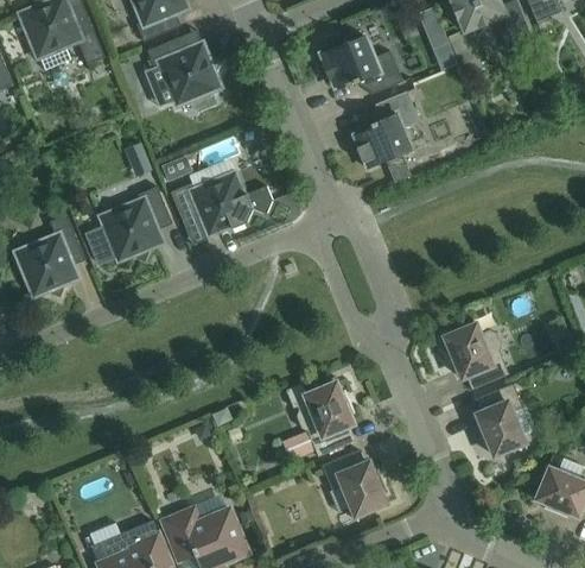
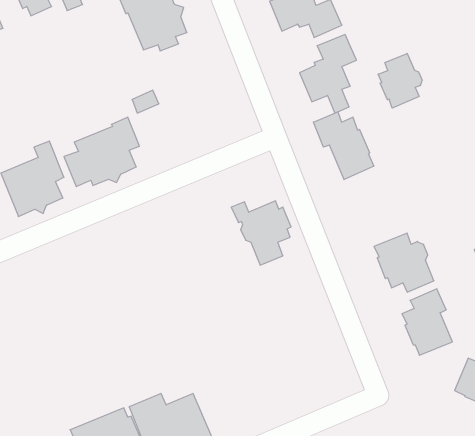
building: none -> [378,53,422,108]
building: [171,169,272,240] -> none
building: none -> [313,112,374,180]
building: [285,383,354,456] -> [231,201,291,265]
building: [322,454,387,516] -> none

